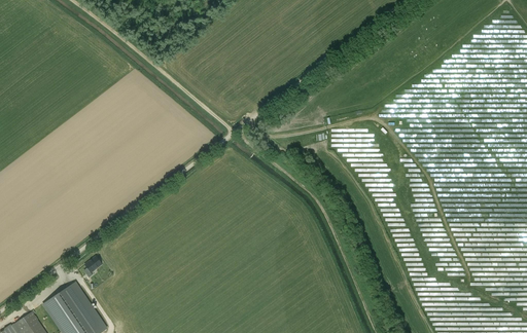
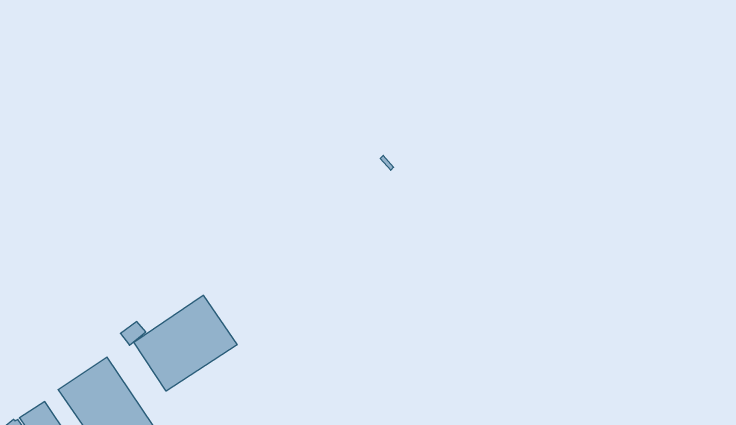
building: none -> [134,295,237,391]

